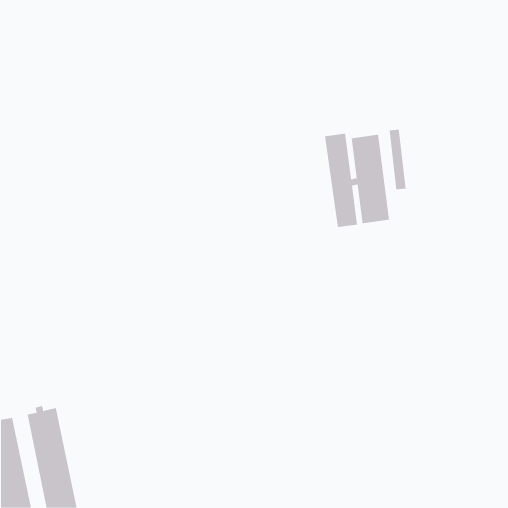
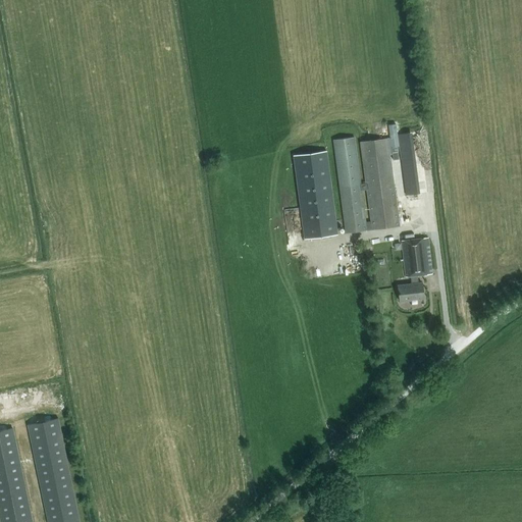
building: none -> [293,151,337,239]
building: none -> [398,238,432,302]

